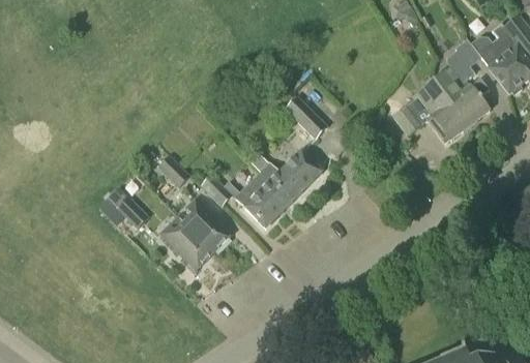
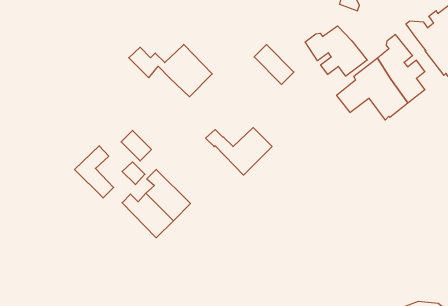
building: none -> [305,26,367,76]
building: [285,94,328,138] -> [254,45,294,84]
building: [200,170,291,226] -> [129,44,212,97]

